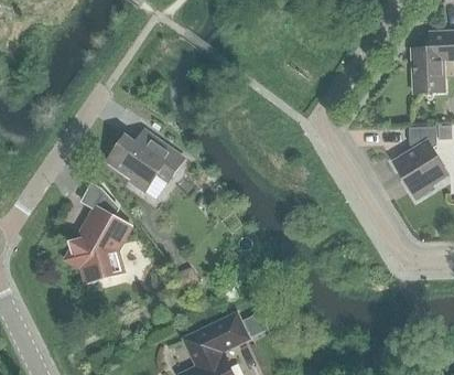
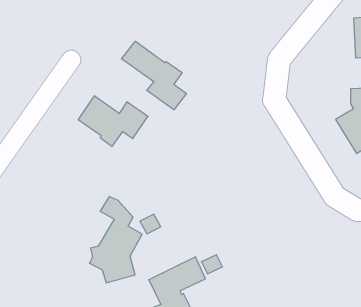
building: none -> [122,41,187,110]
building: [68,183,127,279] -> [89,196,142,283]

